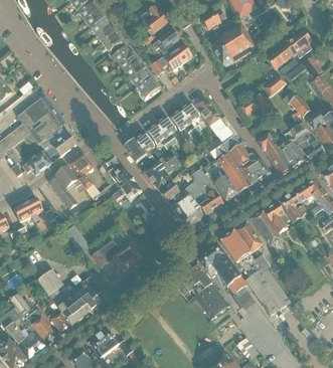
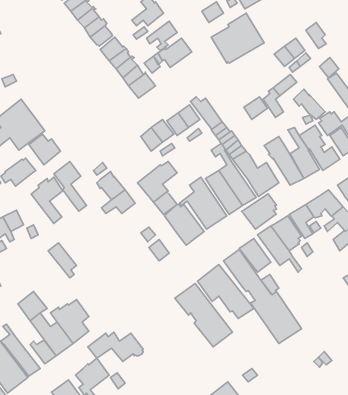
building: [124,132,154,166] -> none
building: none -> [242,194,276,229]
building: [92,243,141,269] -> [88,332,143,362]

